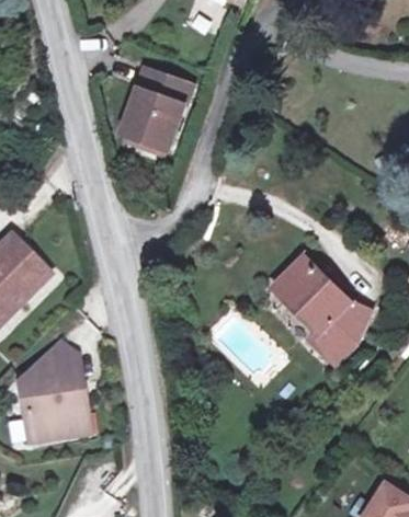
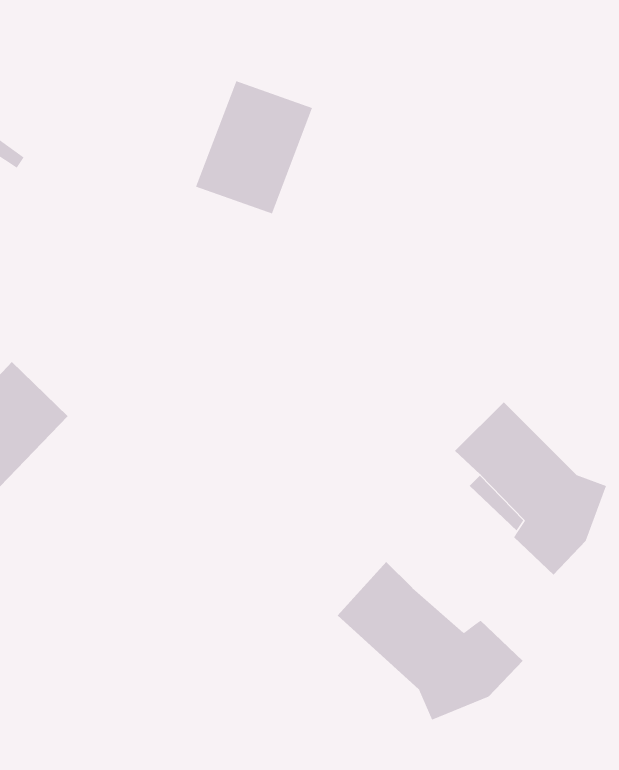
building: [21,338,88,437] -> none
building: none -> [337,561,524,721]

